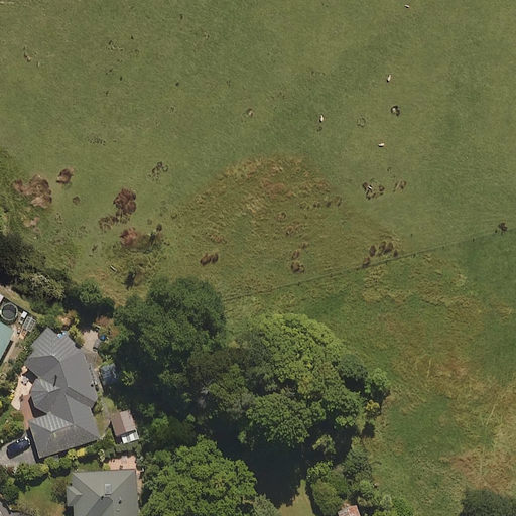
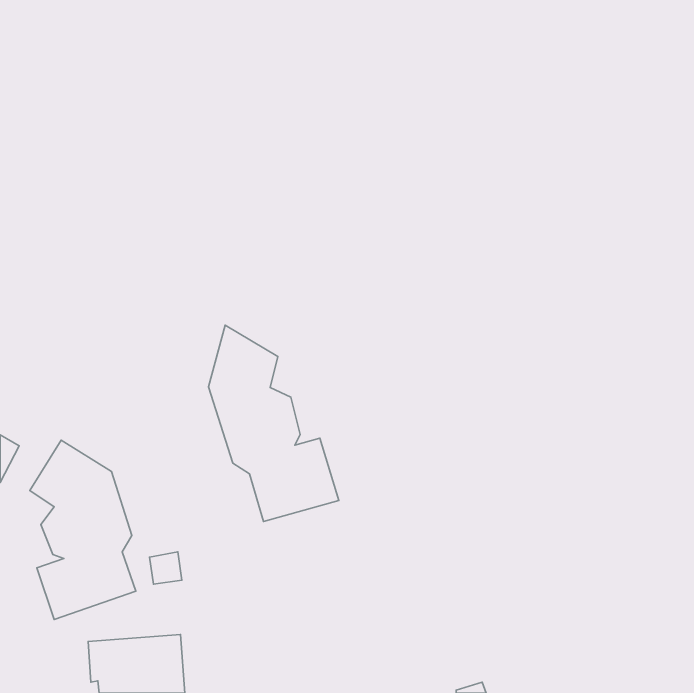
building: none -> [208,325,339,522]

